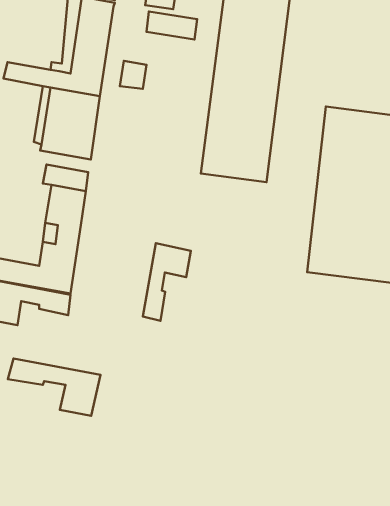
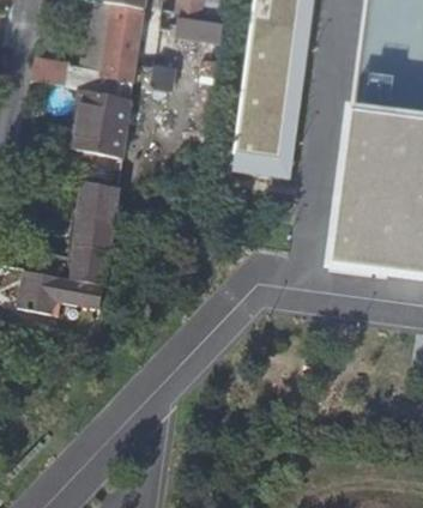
building: [143,243,191,321] -> none
building: [8,358,100,416] -> none

